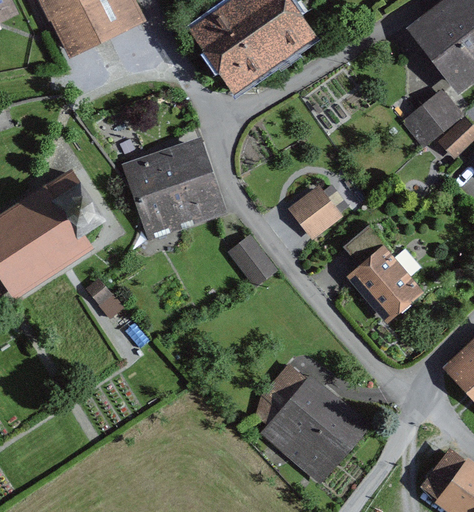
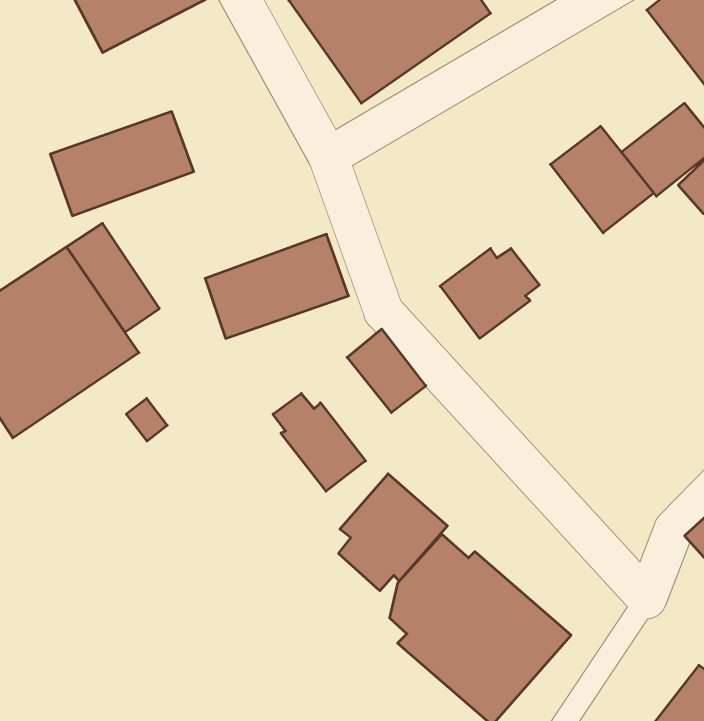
building: none -> [550,126,654,233]
building: [123,136,214,202] -> [50,112,194,216]
building: [342,223,424,323] -> none
building: none -> [273,393,366,491]
building: none -> [339,474,447,591]

